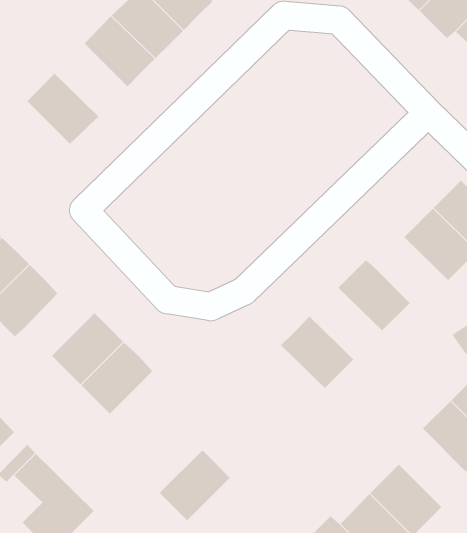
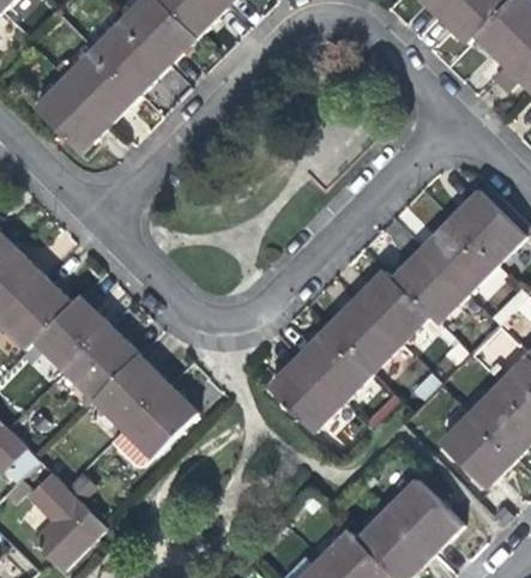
building: none -> [66,49,140,124]
building: none -> [392,247,467,323]
building: none -> [35,288,107,368]
building: none -> [326,299,400,372]
building: none -> [267,357,342,431]
building: [159,450,231,521] -> [122,384,195,457]

